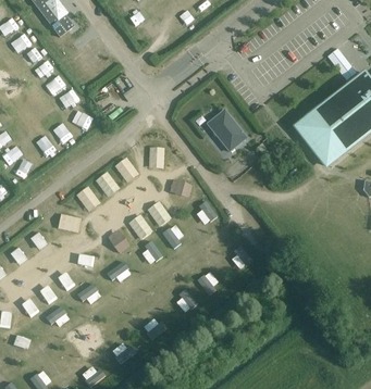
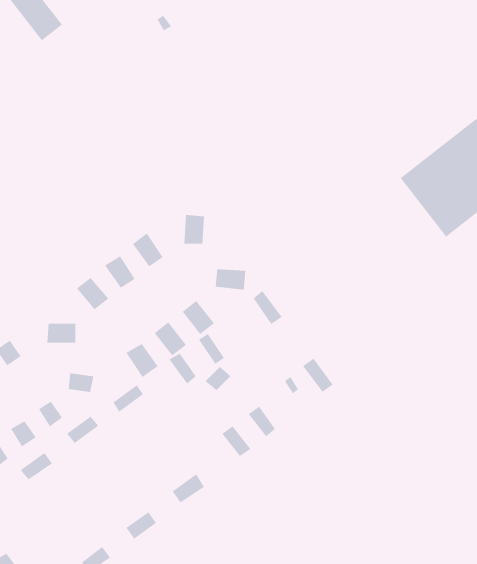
building: [210,108,244,148] -> none

